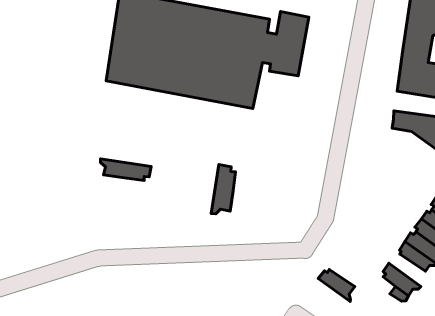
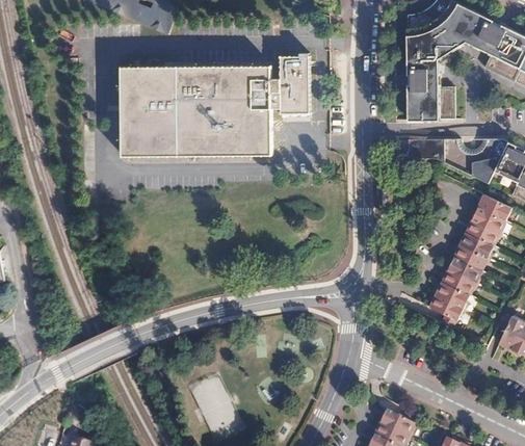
building: [101,159,151,181] -> none
building: [211,164,236,214] -> none
building: [318,270,355,302] -> [430,279,468,307]

